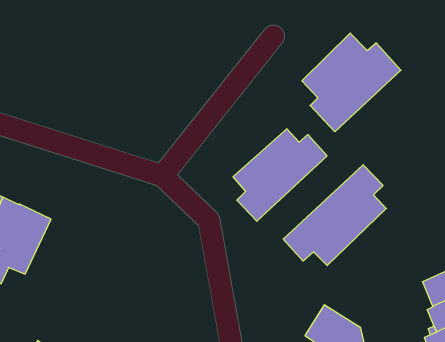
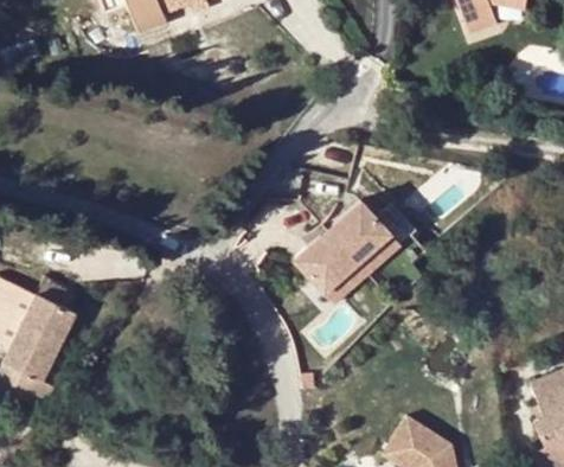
building: [302,33,401,132] -> none
building: [283,165,386,266] -> none

